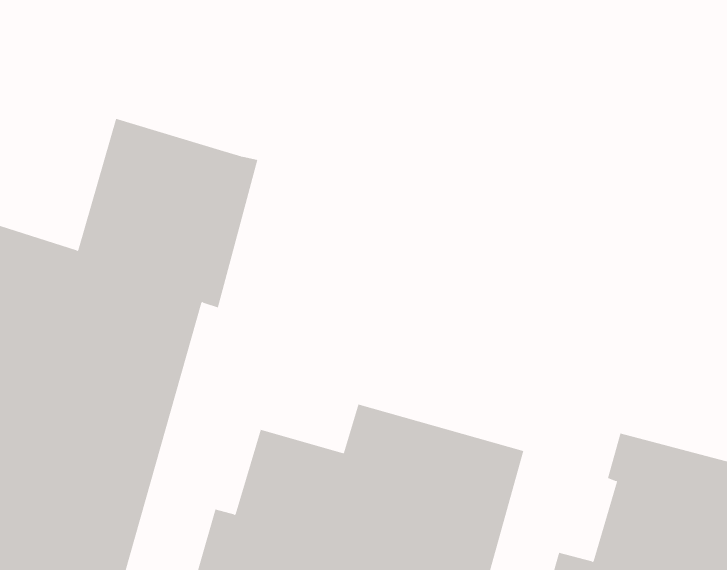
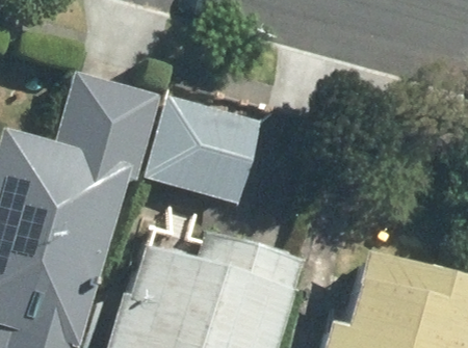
building: none -> [151,92,266,200]

